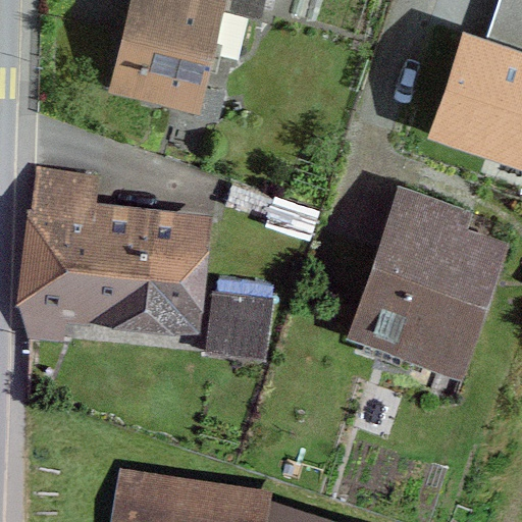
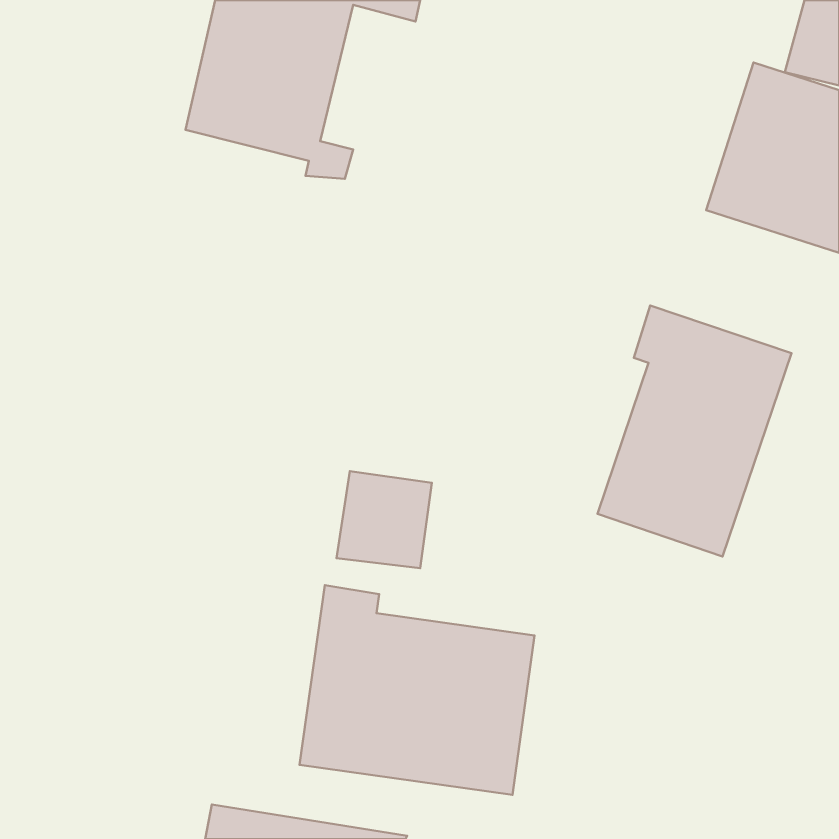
building: [22,170,195,332] -> none
building: none -> [300,585,534,795]

